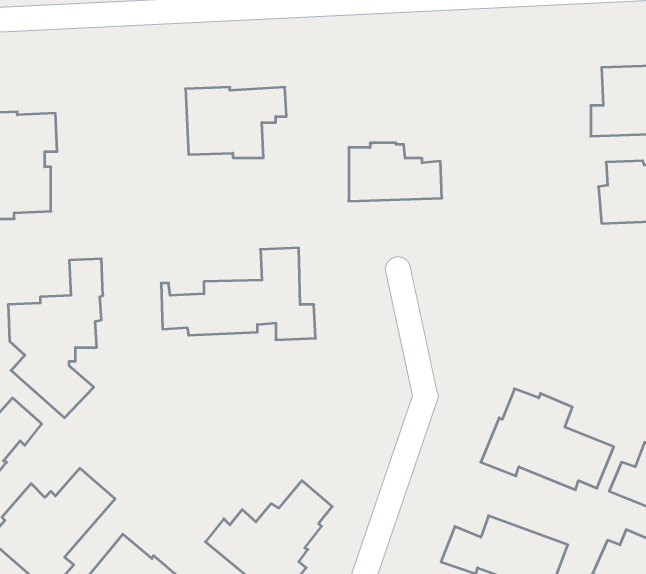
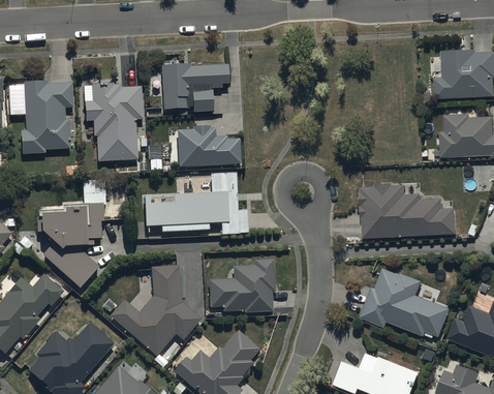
building: none -> [84,81,143,160]
building: [349,143,442,201] -> [178,126,241,165]
building: none -> [359,183,456,237]
building: none -> [208,259,275,312]
building: none -> [110,265,200,356]

